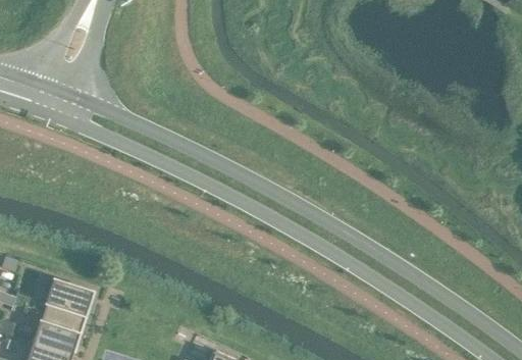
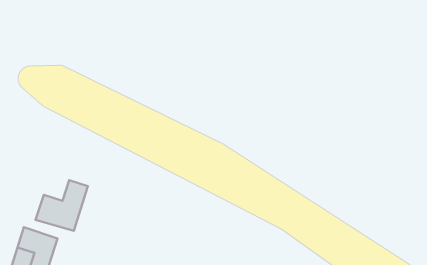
building: none -> [36,180,88,231]

